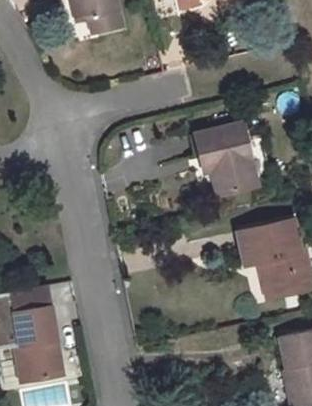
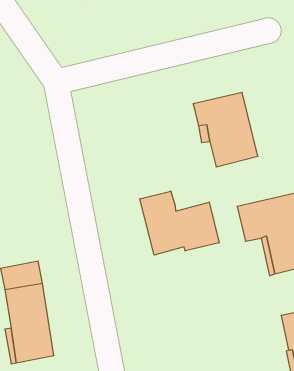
building: none -> [140,191,219,255]

